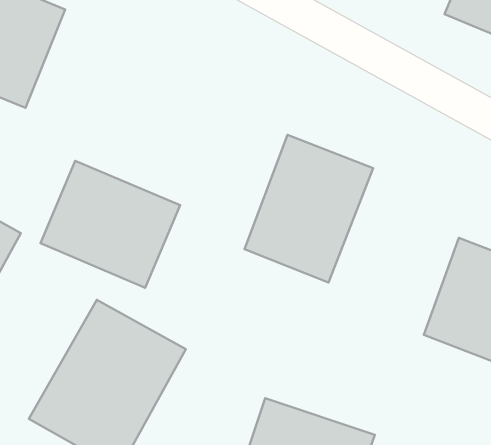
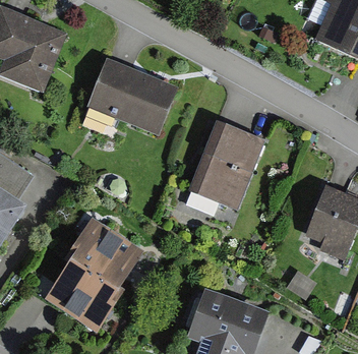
building: [40,161,180,288] -> [86,63,176,144]

